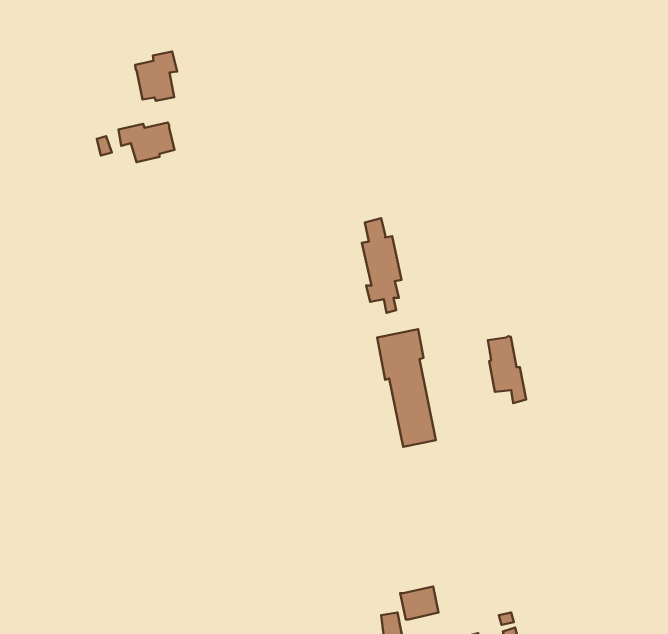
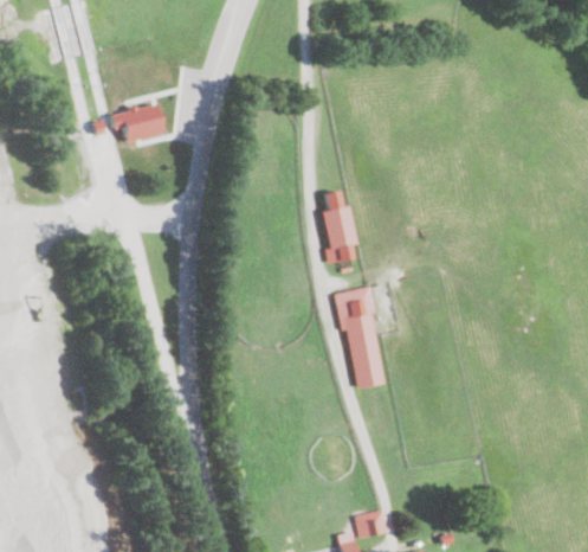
building: [135,51,177,101] -> none
building: [488,336,526,403] -> none

